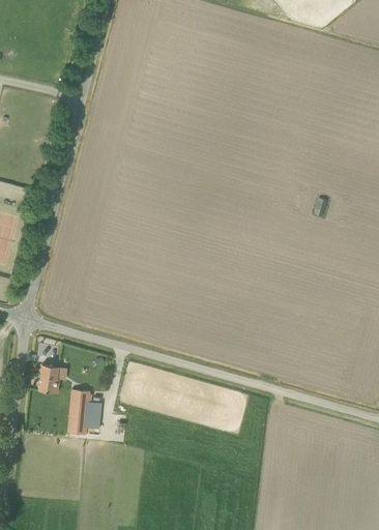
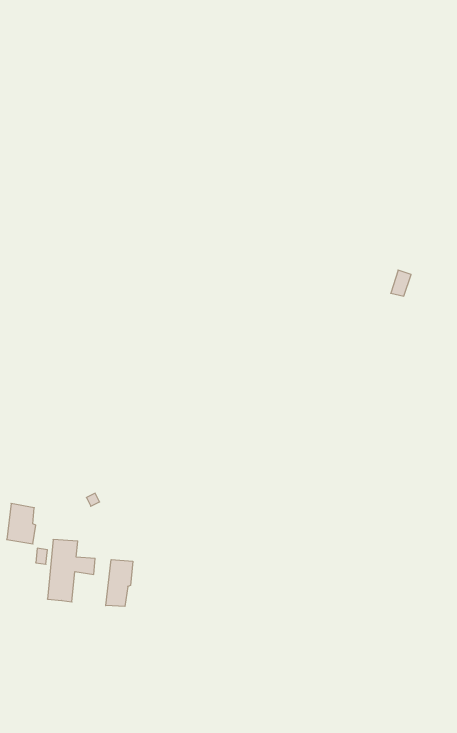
building: none -> [106,560,133,606]

